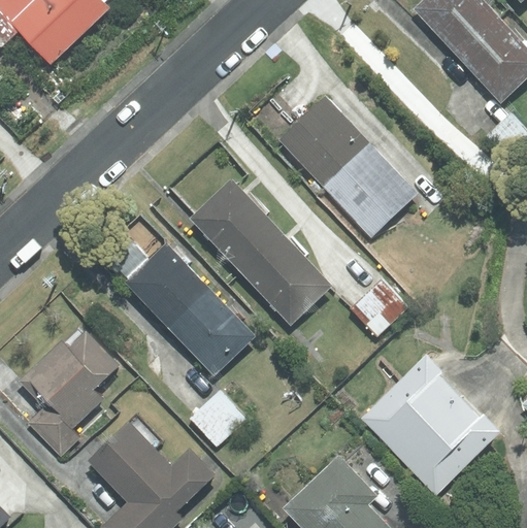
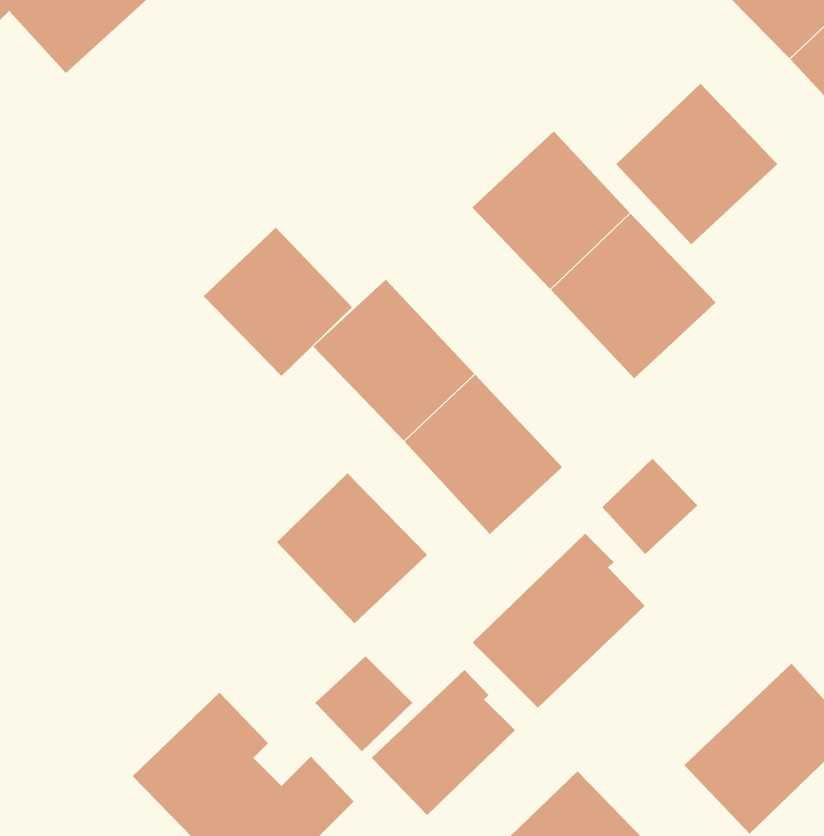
building: none -> [616,83,778,245]
building: [124,243,208,328] -> [203,227,353,377]
building: [20,329,118,455] -> none
building: [361,355,459,454] -> [472,533,646,708]
building: none -> [371,669,516,816]

